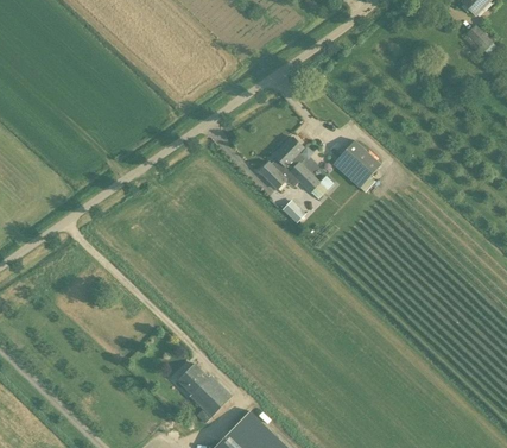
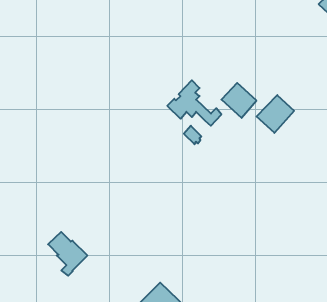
building: none -> [257,95,294,133]
building: [176,364,229,423] -> [48,232,87,276]

